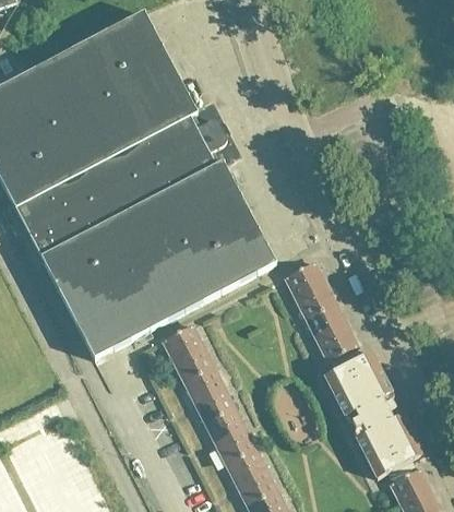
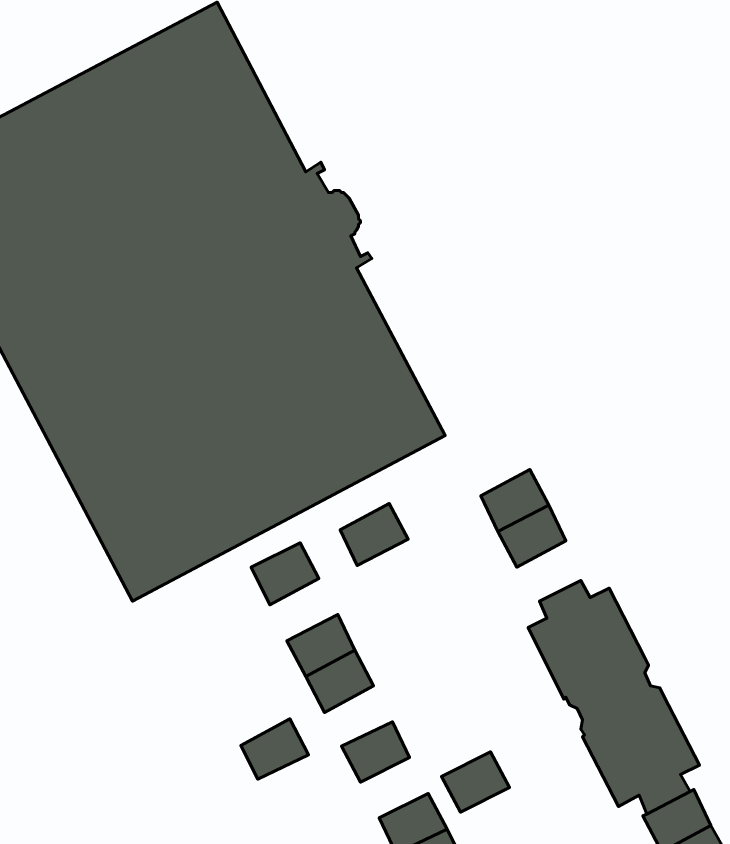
building: [285,260,324,296] -> none
building: [316,322,356,358] -> none
building: [174,344,213,380] -> [340,503,408,566]
building: [205,406,244,441] -> [241,719,309,779]
building: [226,448,265,483] -> [442,752,509,812]

